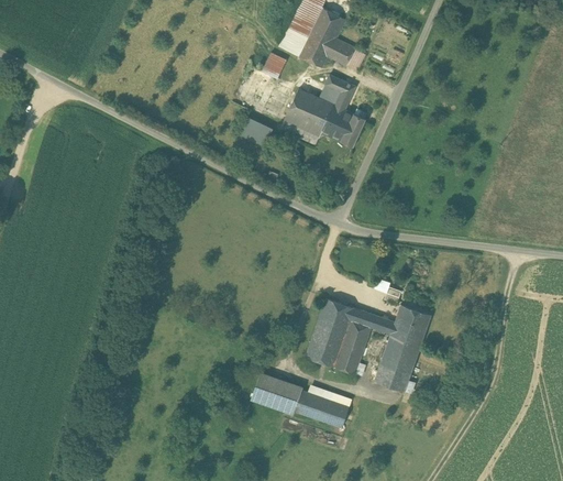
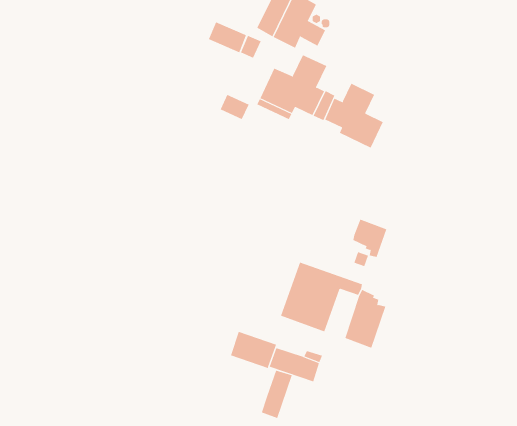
building: none -> [208,22,247,53]
building: none -> [324,83,384,148]
building: [394,305,431,347] -> [353,219,387,258]
building: none -> [261,370,293,419]

